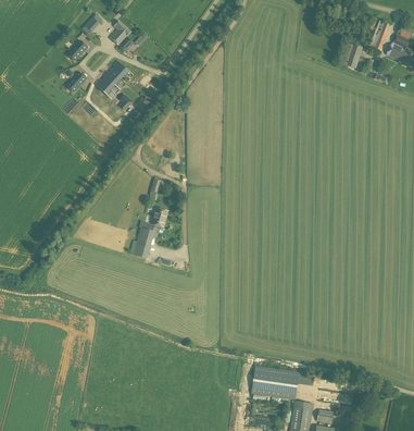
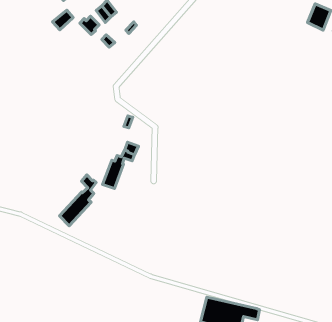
building: none -> [60,175,96,226]

